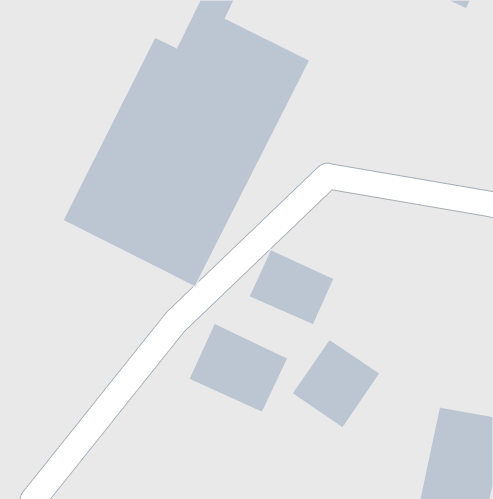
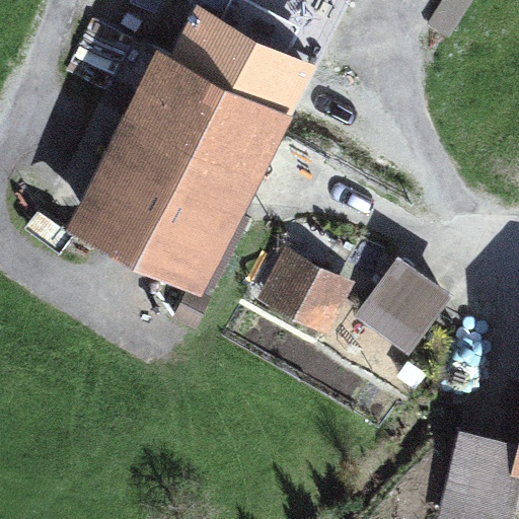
building: [189,323,288,413] -> none
building: [292,339,380,428] -> [353,261,444,353]

